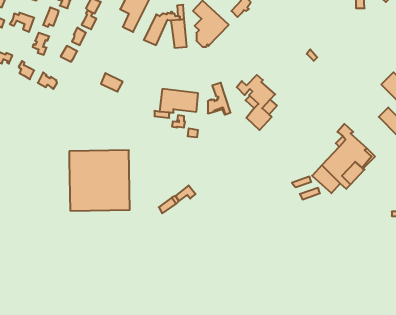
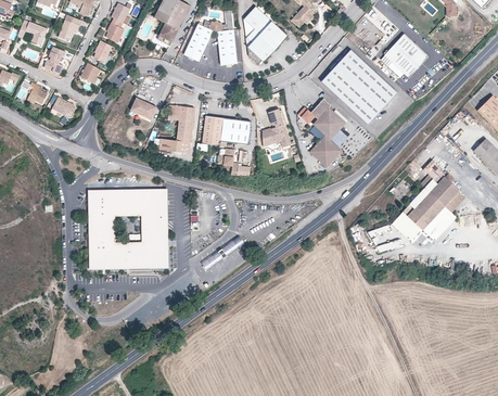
building: none -> [384,33,427,76]
building: none -> [320,48,397,124]
building: none -> [159,103,195,151]

